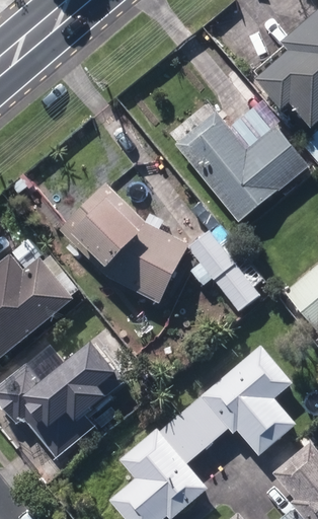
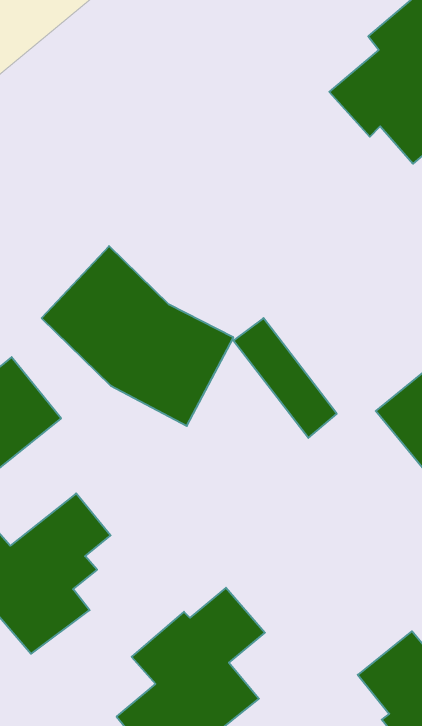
building: [174,110,308,223] -> none
building: [184,346,296,455] -> none

